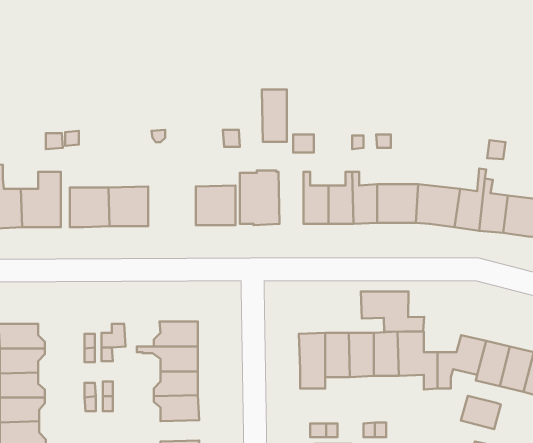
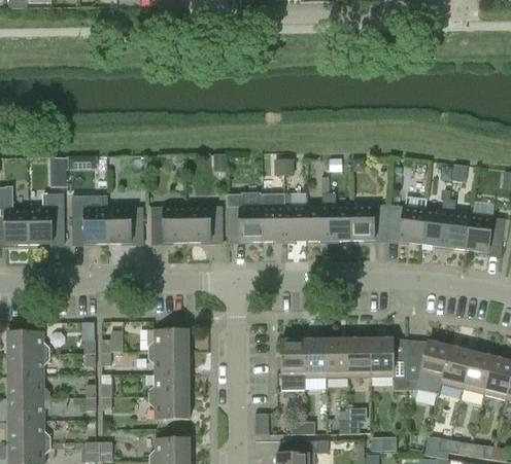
building: [262,90,287,142] -> [262,193,284,241]
building: none -> [150,207,186,243]
building: [361,291,424,332] -> none
building: [461,396,501,429] -> none

